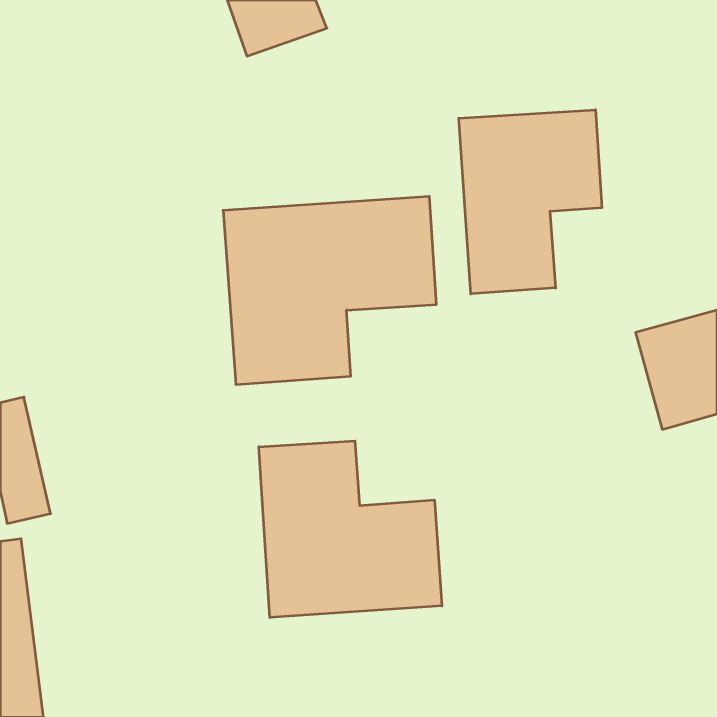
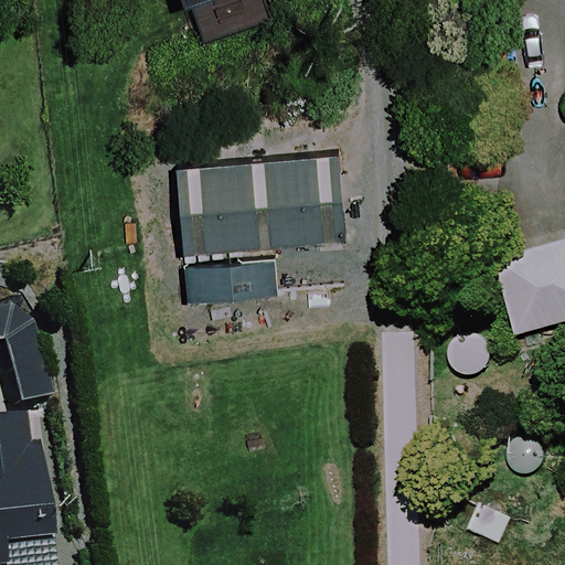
building: [459,110,602,294] -> none
building: [259,441,442,618] -> none

